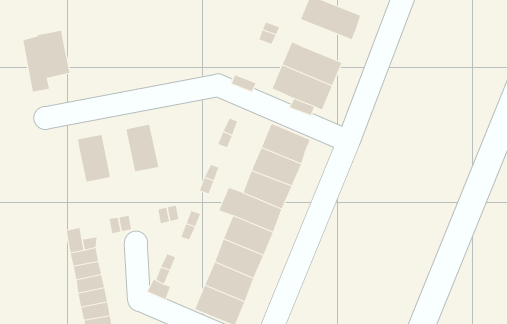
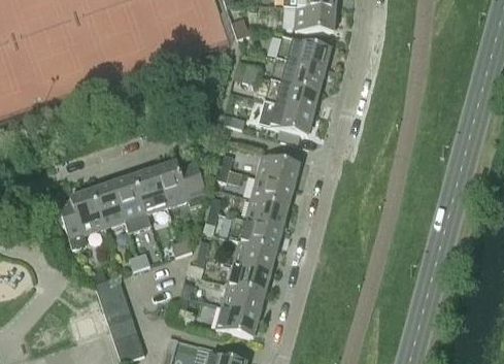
building: none -> [271,58,325,92]
building: [22,30,70,92] -> [57,190,103,249]
building: none -> [154,160,206,206]
building: none -> [112,175,149,232]

